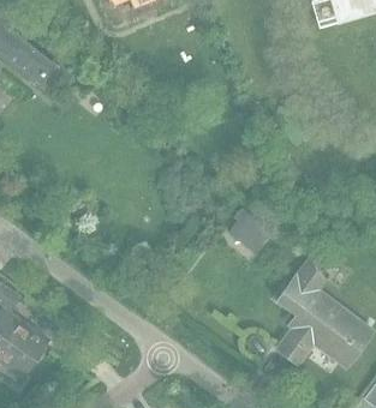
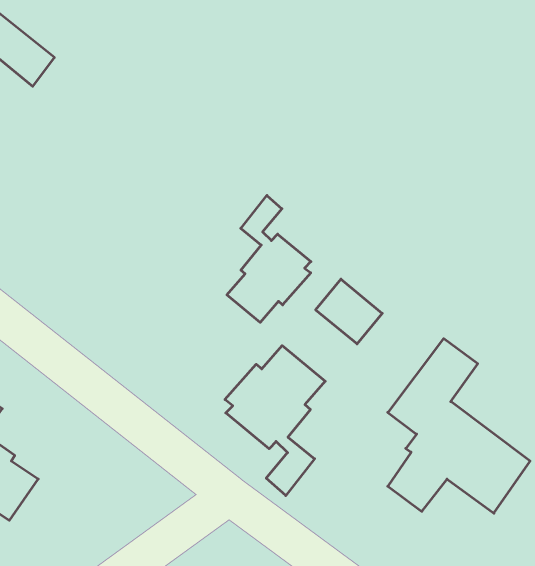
building: none -> [227,195,311,322]
building: none -> [225,346,325,496]

